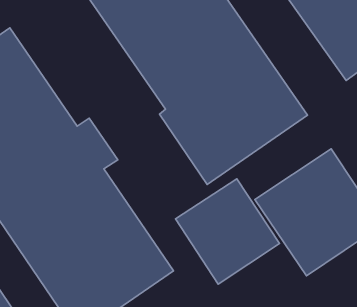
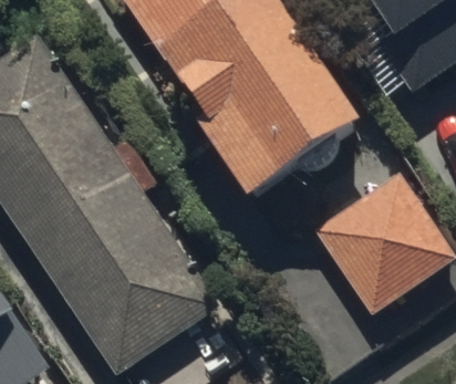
building: [176,179,280,284] -> none

